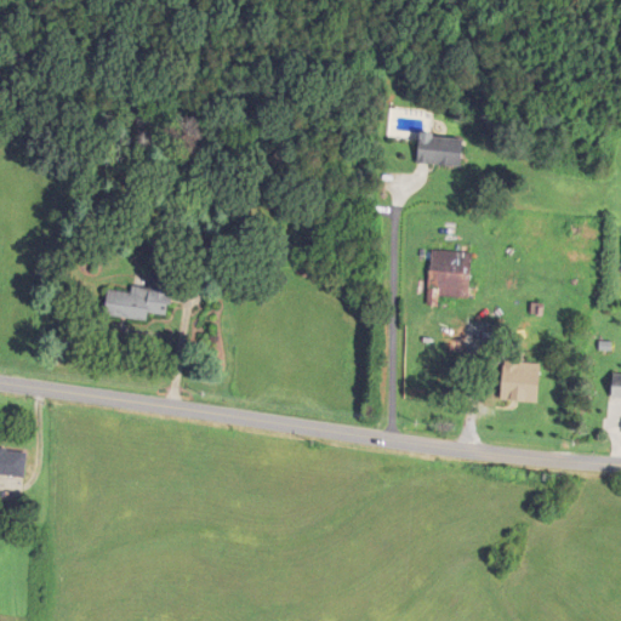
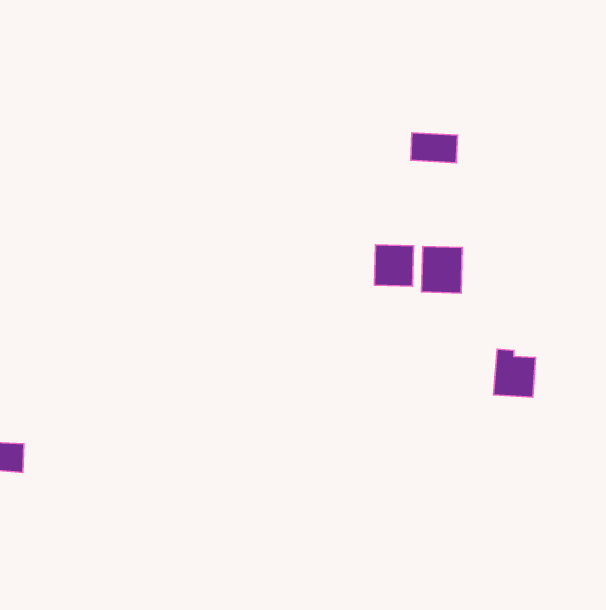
building: none -> [375,245,413,286]
building: [102,272,170,321] -> none

